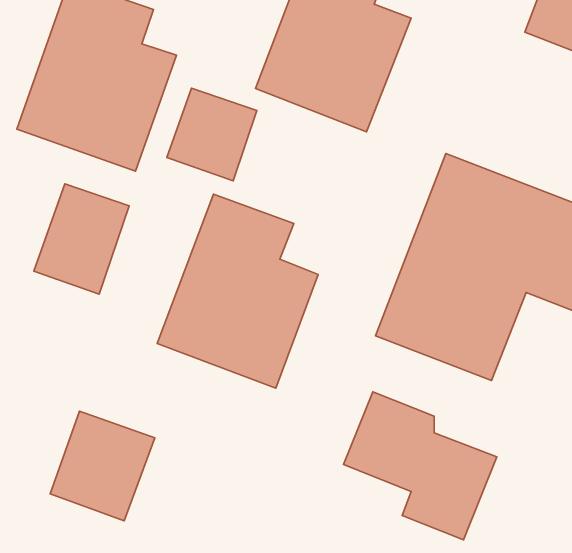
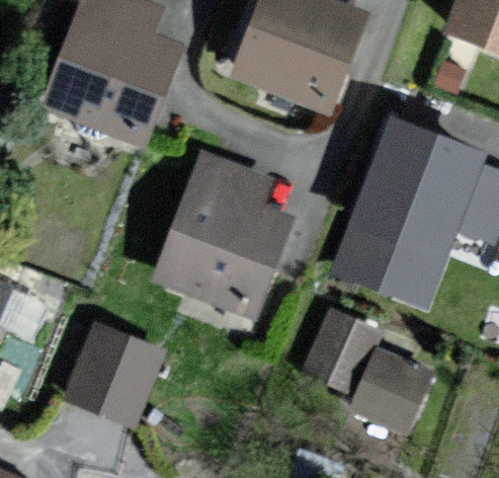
building: [167,88,257,181] -> none
building: [34,184,129,294] -> none

